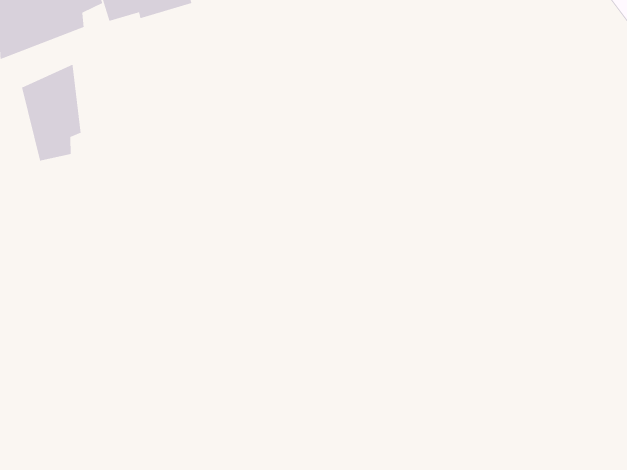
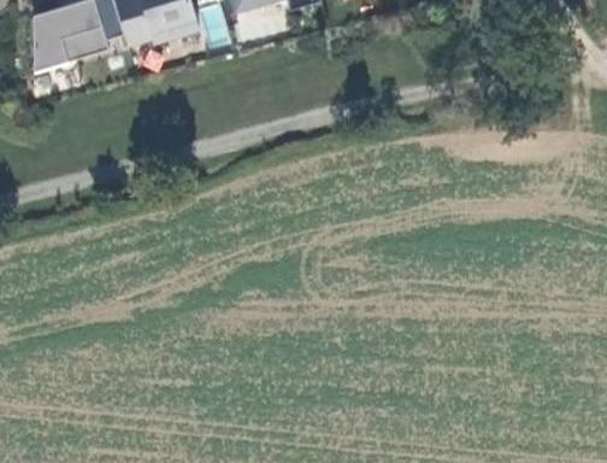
building: [21,64,82,161] -> none

